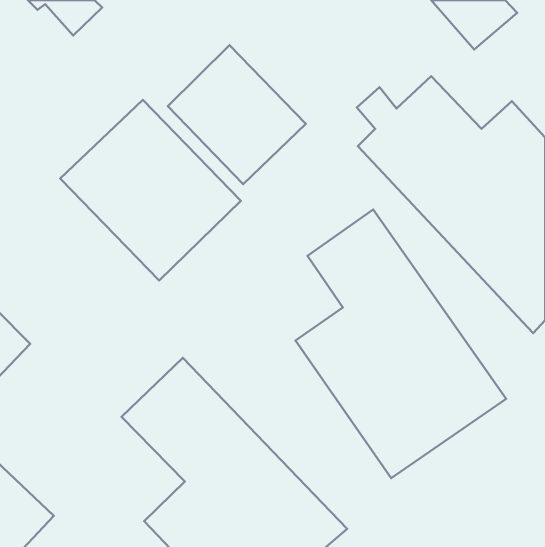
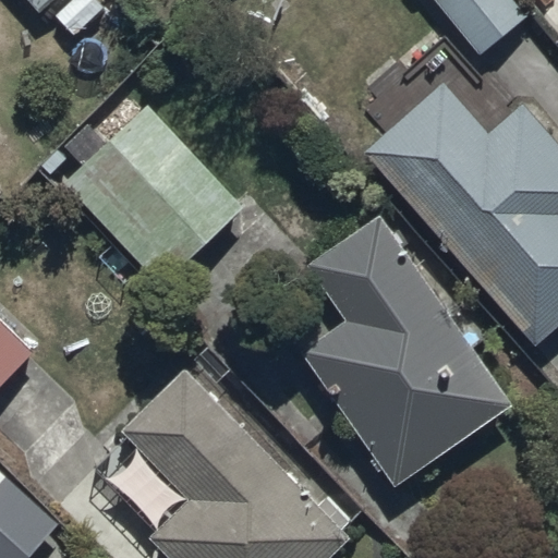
building: [168,45,306,184] -> none

